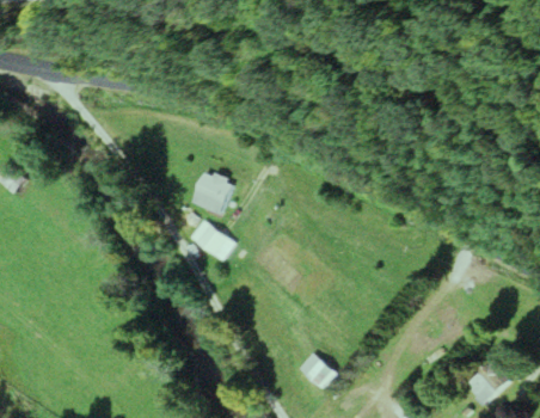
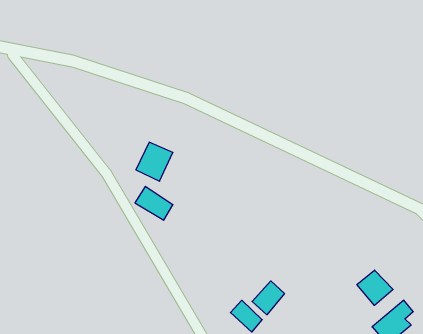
building: none -> [357,270,393,305]
building: none -> [252,281,284,315]

